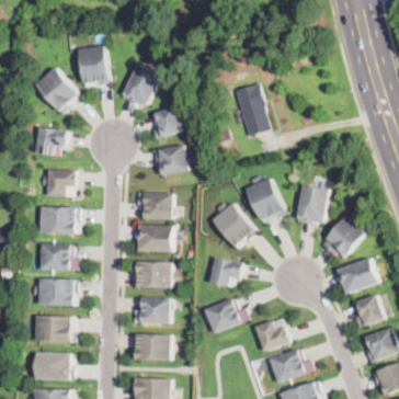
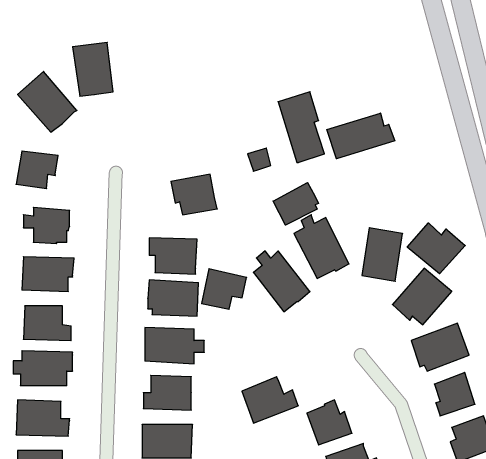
building: [121,64,161,106] -> none
building: none -> [327,113,395,159]
building: [148,104,182,139] -> none
building: none -> [273,183,318,225]
building: none -> [407,223,465,274]
building: [212,254,246,285] -> [202,269,247,309]

